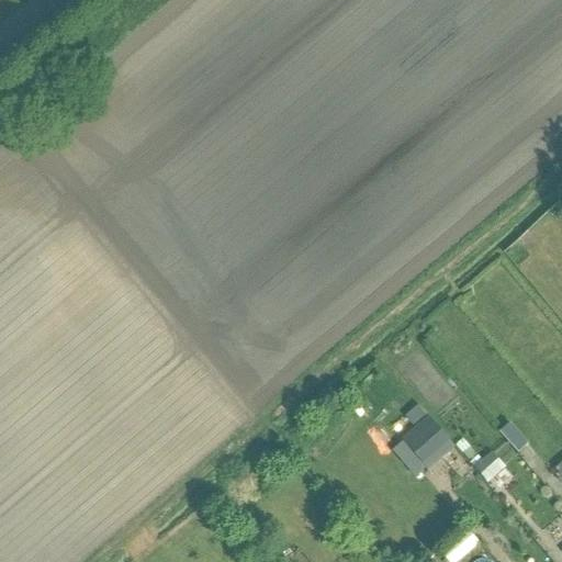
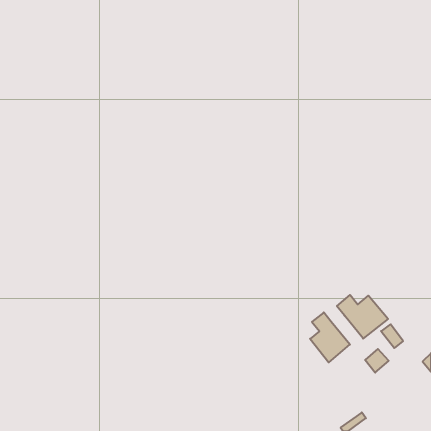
building: none -> [337,295,388,339]

